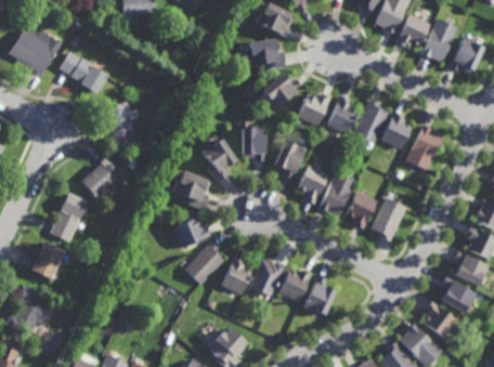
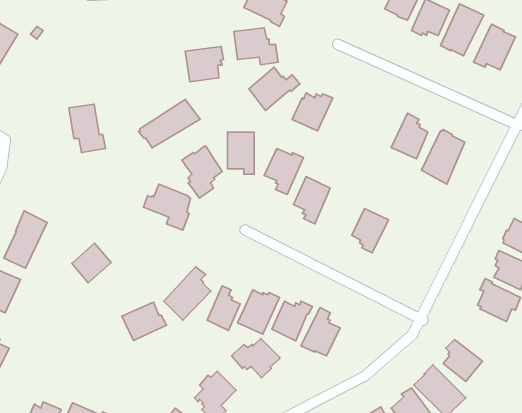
building: [60,51,108,94] -> none
building: none -> [185,47,223,82]
building: [327,94,357,133] -> none
building: none -> [138,99,200,148]
building: [353,99,389,149] -> none
building: [81,163,115,197] -> [72,243,111,283]
building: [320,171,356,217] -> none
building: [373,197,408,241] -> none
building: [174,217,212,249] -> [122,302,166,340]
building: [443,276,478,314] -> none
building: none -> [231,339,280,378]

